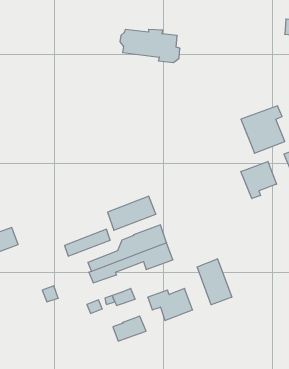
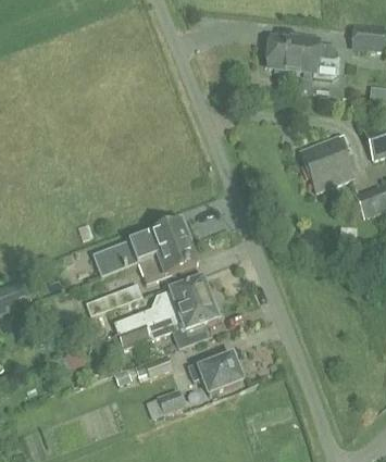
building: [120,29,180,63] -> [266,37,339,77]
building: [241,161,277,199] -> none
building: none -> [94,221,189,277]
building: [197,259,232,305] -> none

